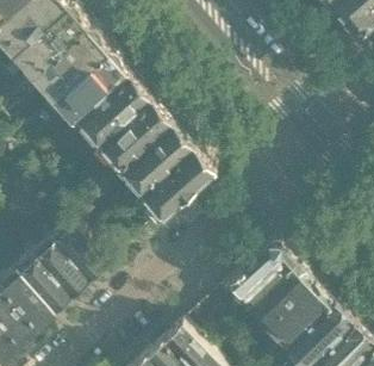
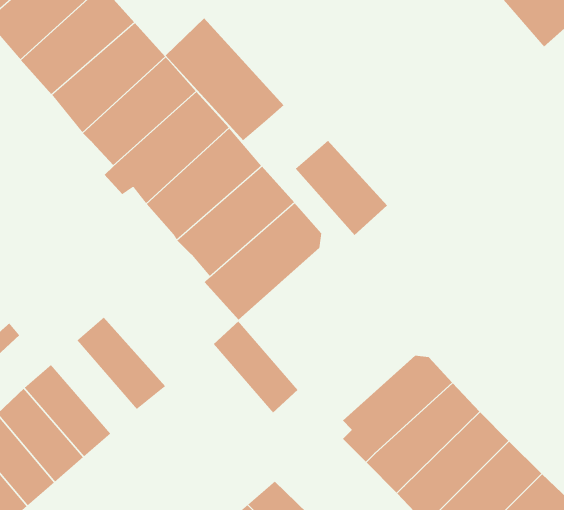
building: none -> [165,18,284,141]
building: none -> [295,140,388,236]
building: [35,240,91,300] -> [213,321,298,413]

